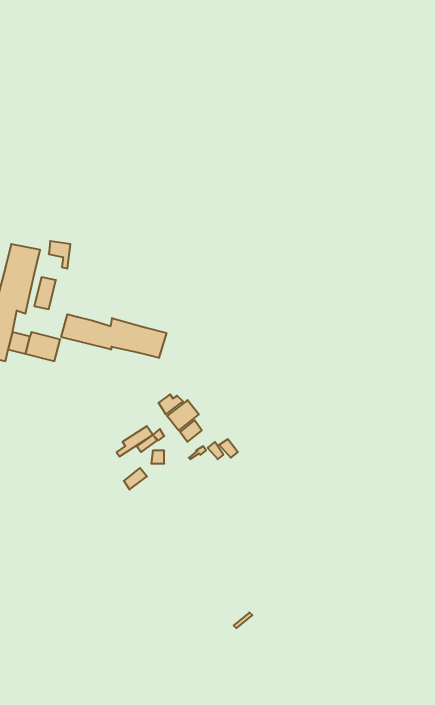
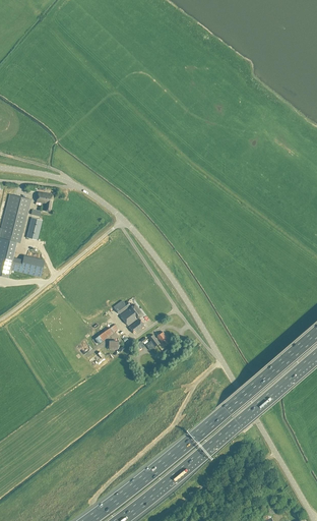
building: [61,314,166,358] -> none

